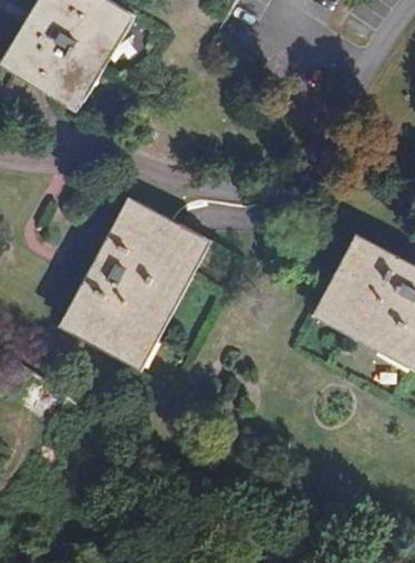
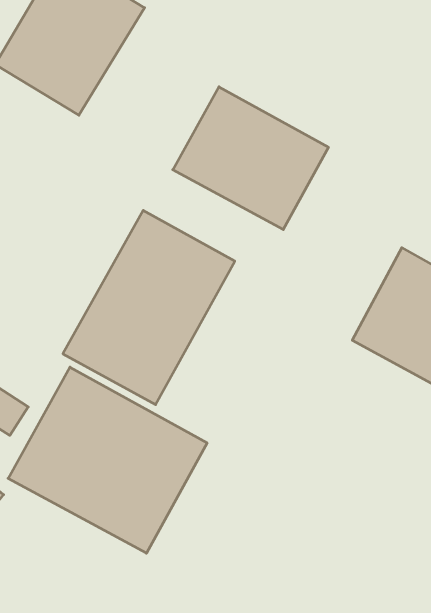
building: none -> [173,87,328,230]
building: none -> [8,367,207,553]

